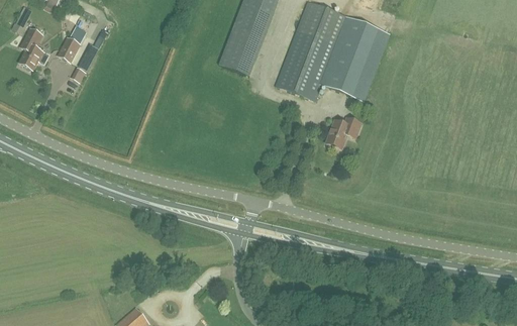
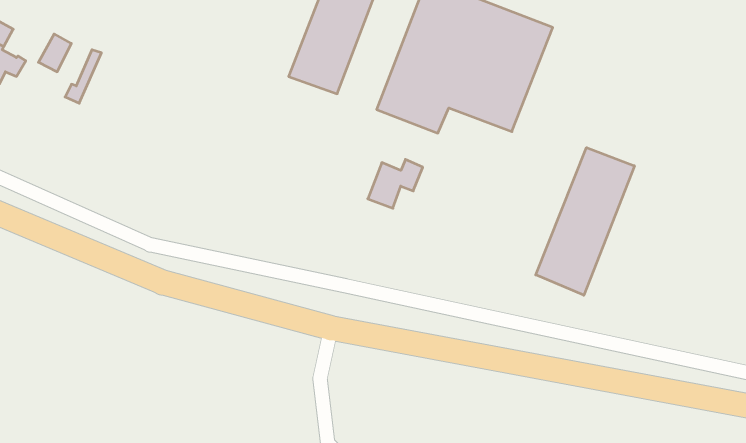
building: none -> [536,148,634,295]
building: [325,117,360,148] -> [368,159,423,208]

